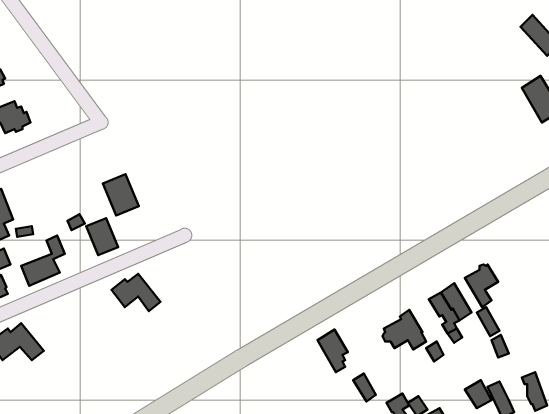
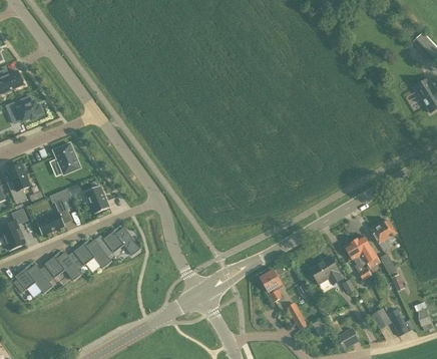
building: [103,174,139,215] -> [52,142,79,173]
building: none -> [73,239,111,268]
building: none -> [44,252,82,280]

